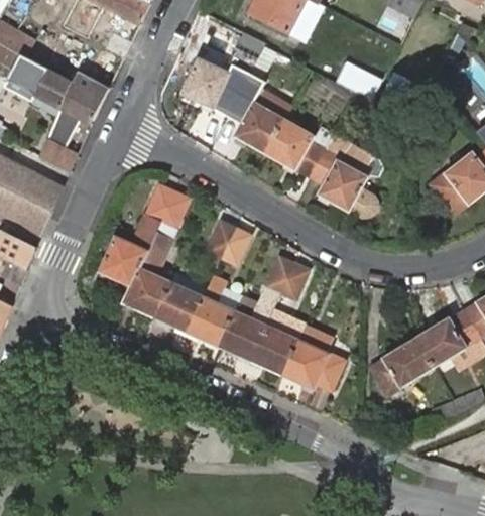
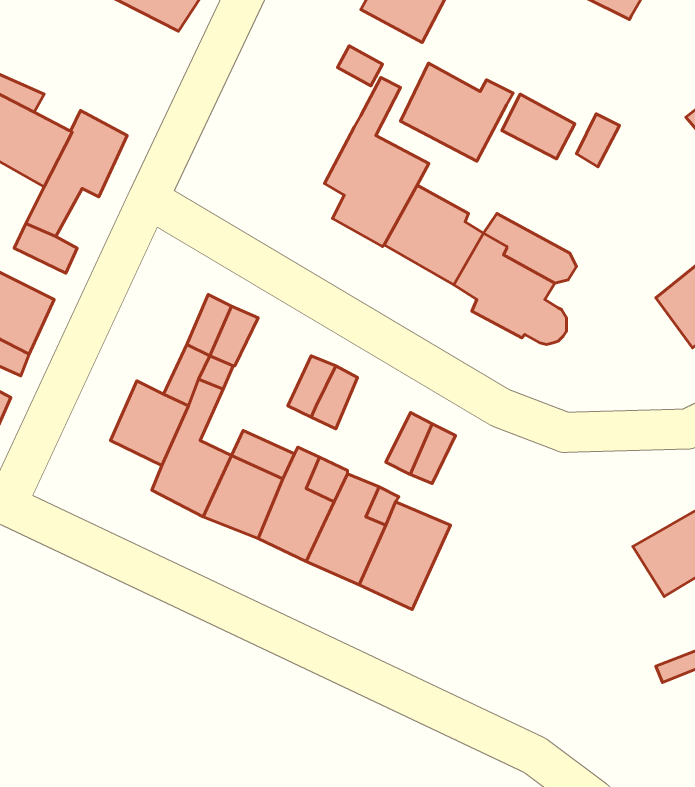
building: [181,56,250,116] -> [400,63,513,161]
building: [281,324,344,390] -> none
building: [367,337,435,395] -> none

